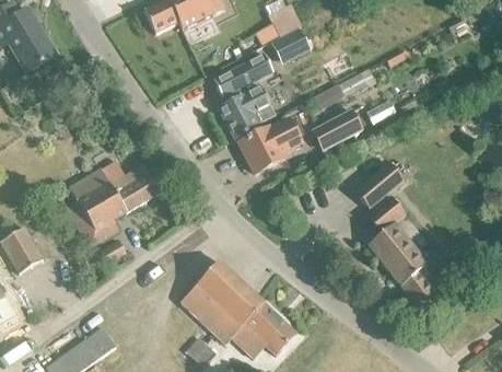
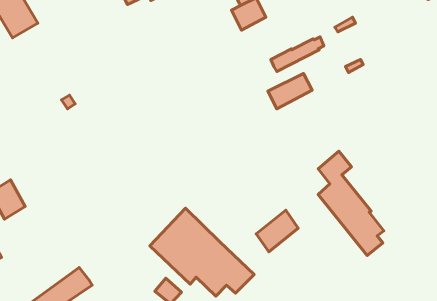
building: [213,53,279,138] -> none
building: [240,118,301,173] -> none
building: [69,160,160,241] -> none
building: [353,162,404,209] -> none
building: none -> [256,210,298,252]

